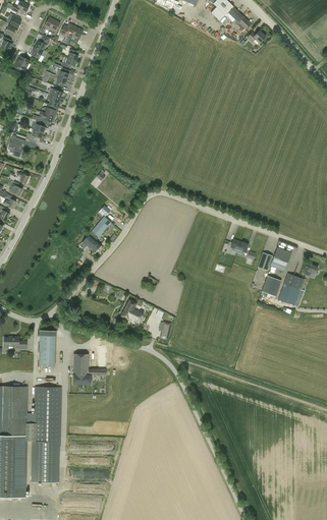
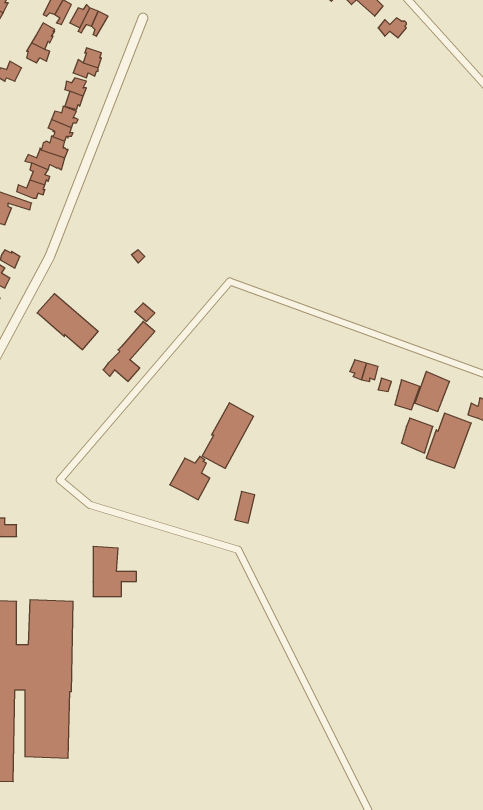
building: none -> [37,294,98,350]
building: none -> [202,403,253,468]
building: [39,335,56,366] -> none

